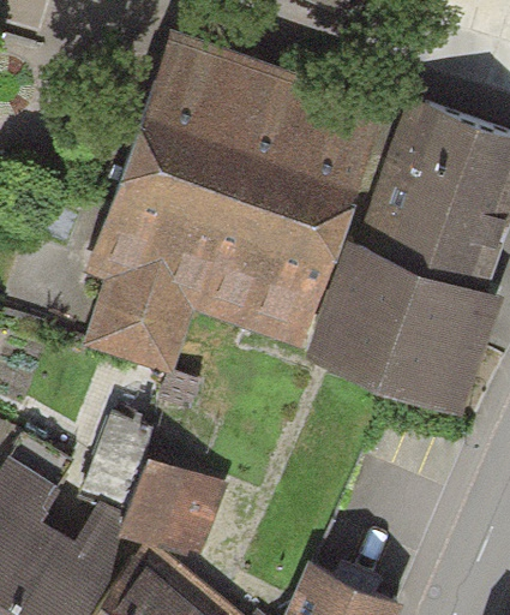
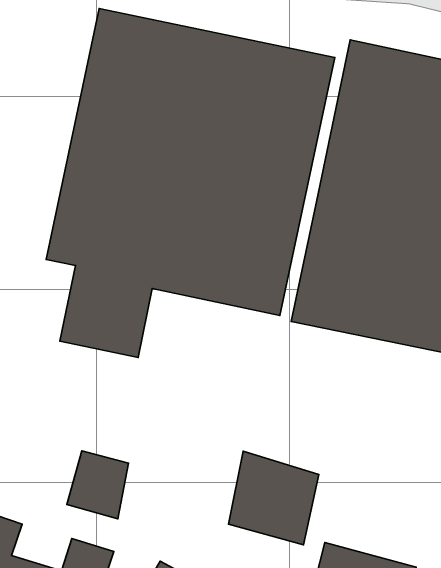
building: [130,460,221,556] -> [228,451,319,545]

